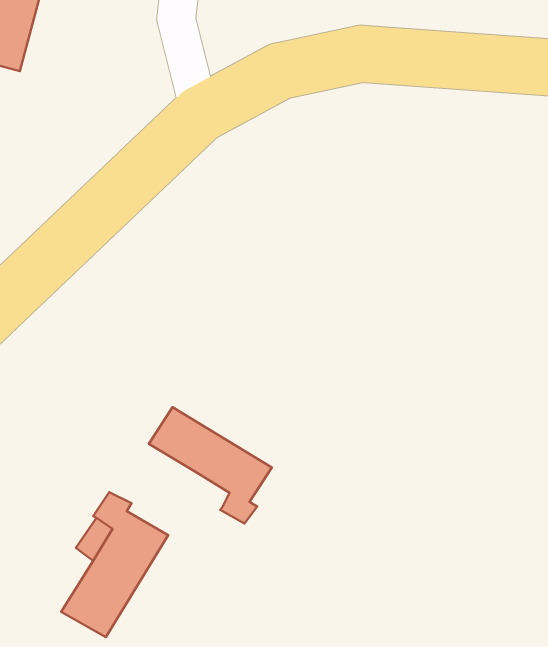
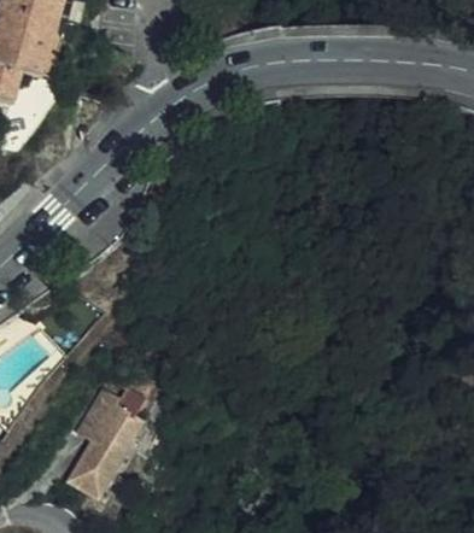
building: [149,407,272,524] -> none

